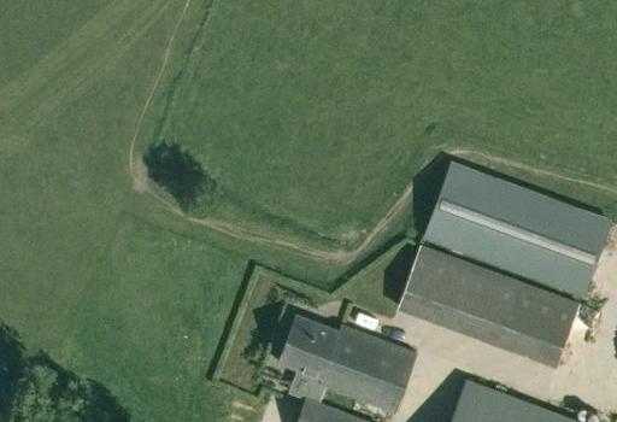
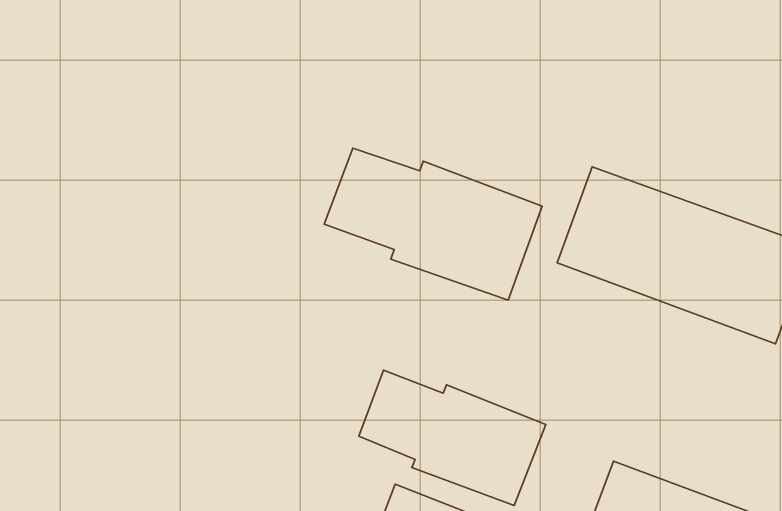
building: none -> [324,148,542,300]
building: [398,245,581,368] -> none

